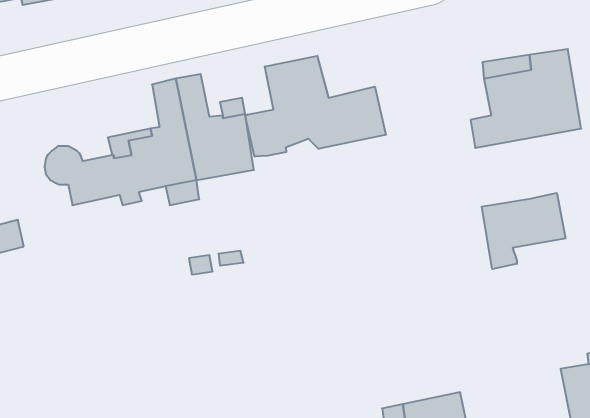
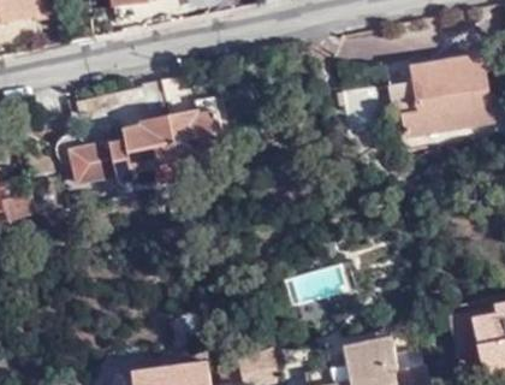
building: [245,56,386,157] -> none
building: [482,193,565,269] -> none

